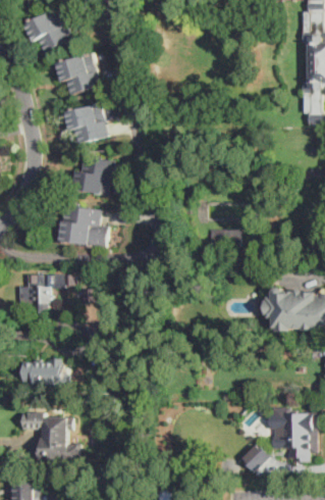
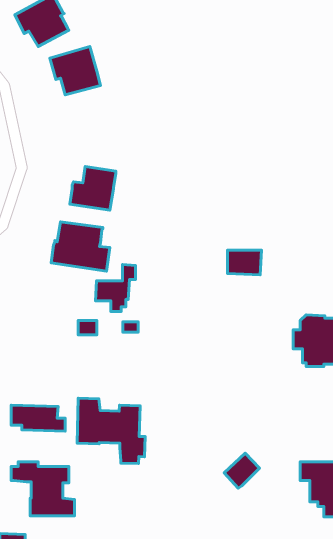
building: [64,101,115,144] -> none
building: [18,273,53,314] -> [95,264,135,311]
building: none -> [77,398,145,464]
building: [239,443,270,473] -> [224,453,259,488]

